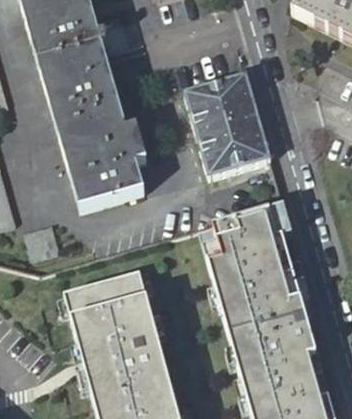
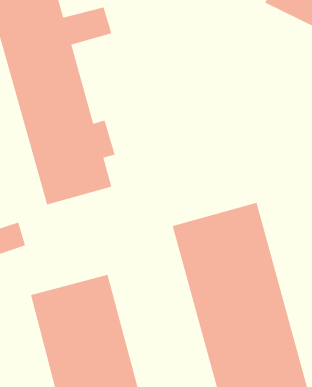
building: [184,74,270,176] -> none

